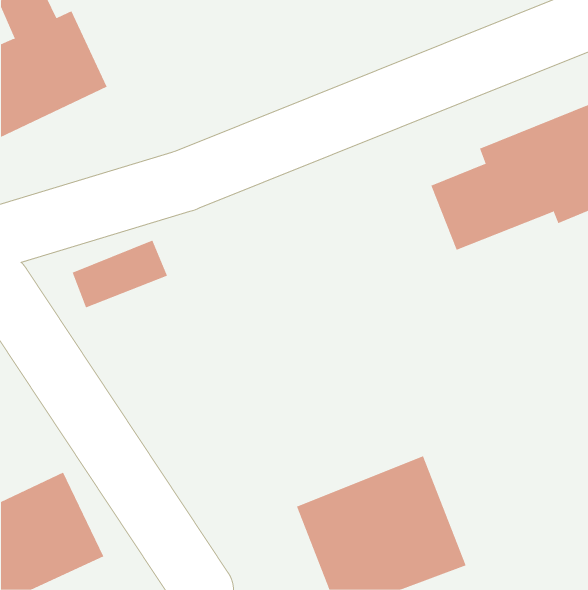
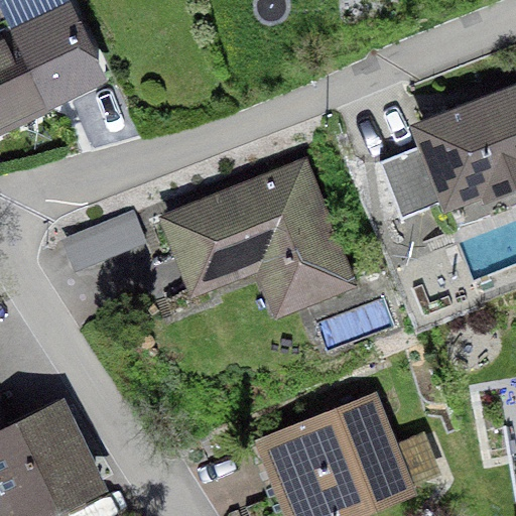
building: none -> [165,165,348,301]

